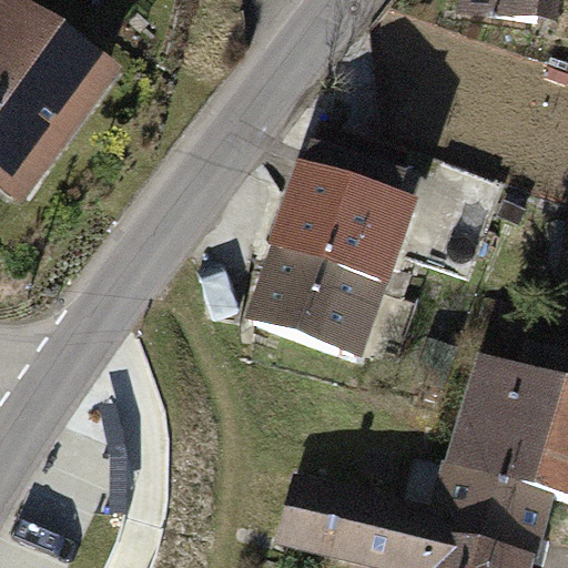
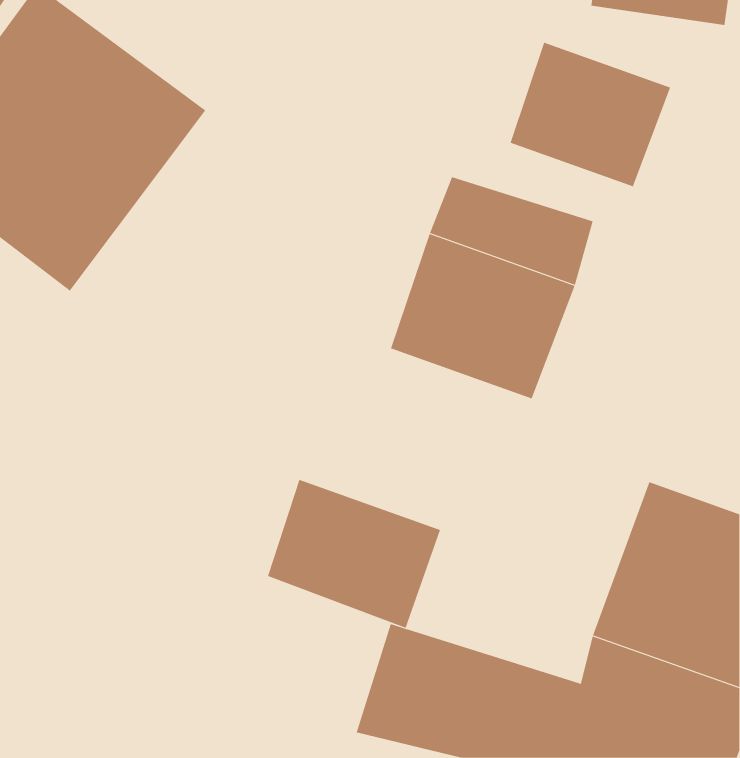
building: none -> [510,42,671,187]
building: [266,258,395,369] -> [267,479,441,629]

